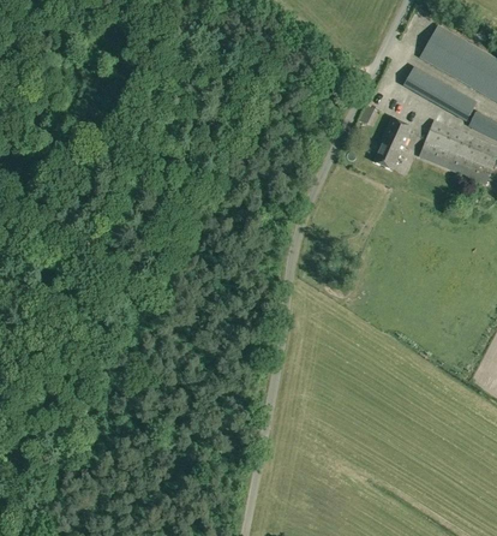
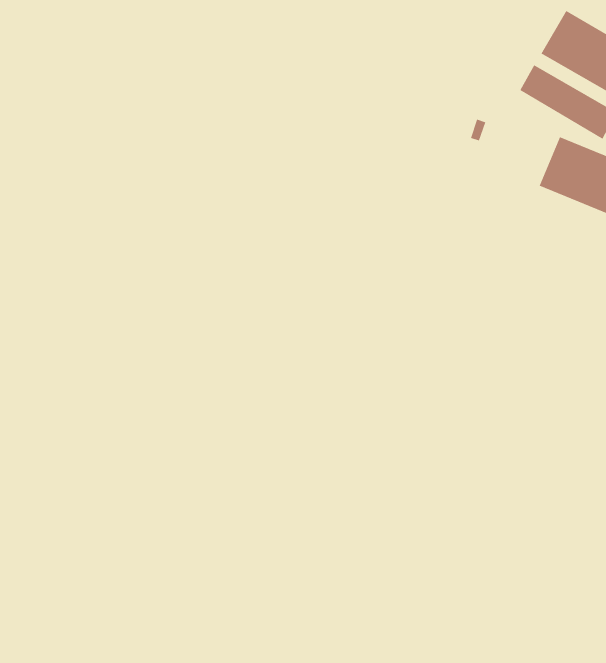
building: [373,117,413,169] -> none

